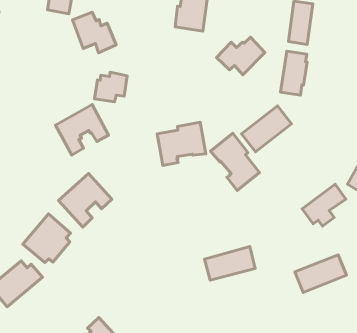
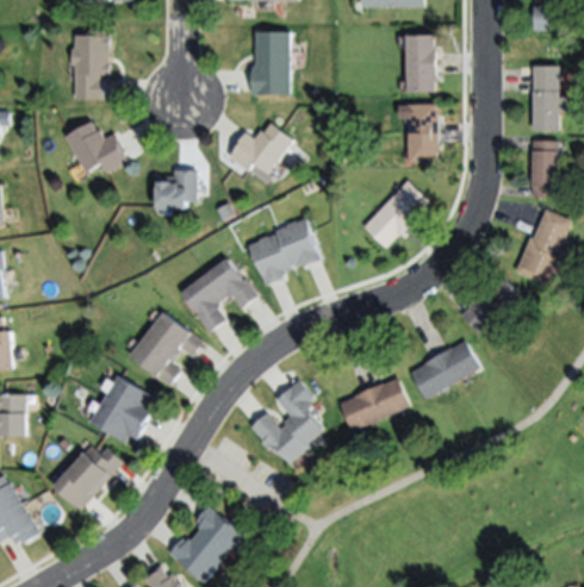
building: [73,12,116,53] -> [64,121,129,175]
building: [216,37,265,75] -> [228,121,292,174]
building: [55,105,108,155] -> [180,258,254,331]
building: [210,133,260,190] -> none
building: none -> [249,387,323,466]
building: [295,255,346,292] -> [408,342,478,400]

